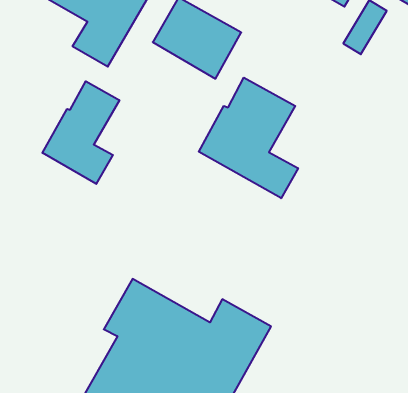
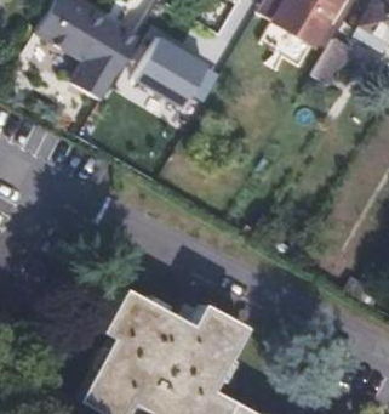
building: [199,78,298,198] -> none
building: [42,81,119,184] -> none

